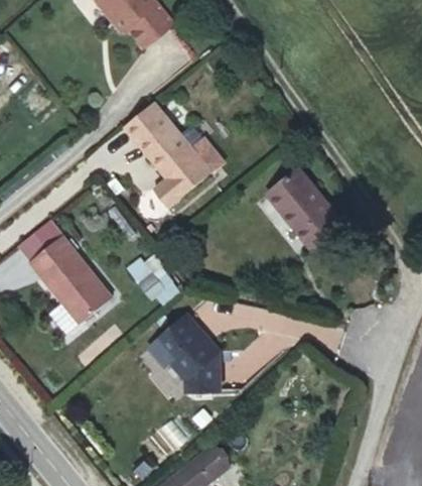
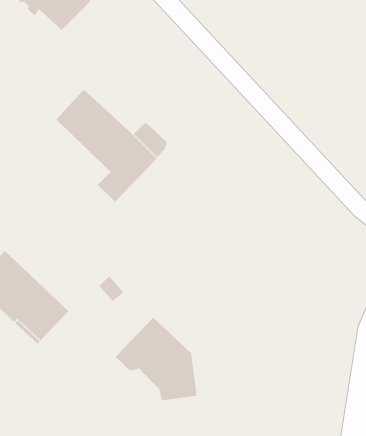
building: [267,169,340,248] -> none

